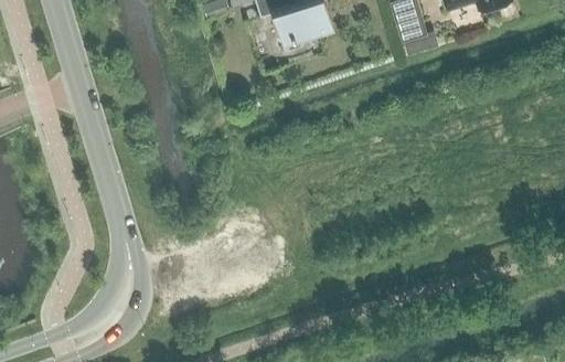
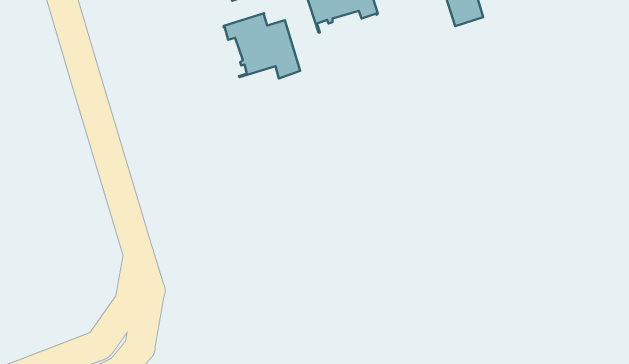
building: none -> [223,13,300,78]

